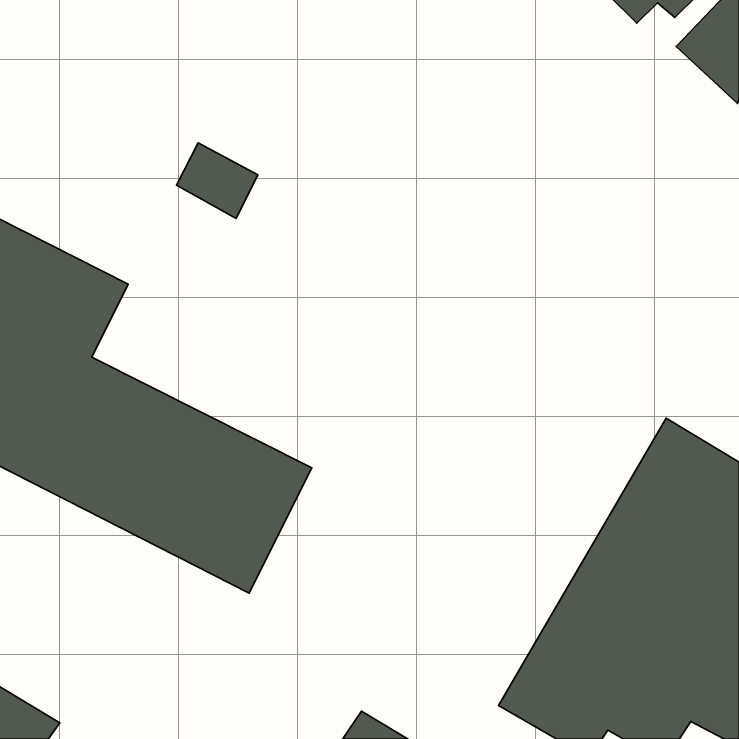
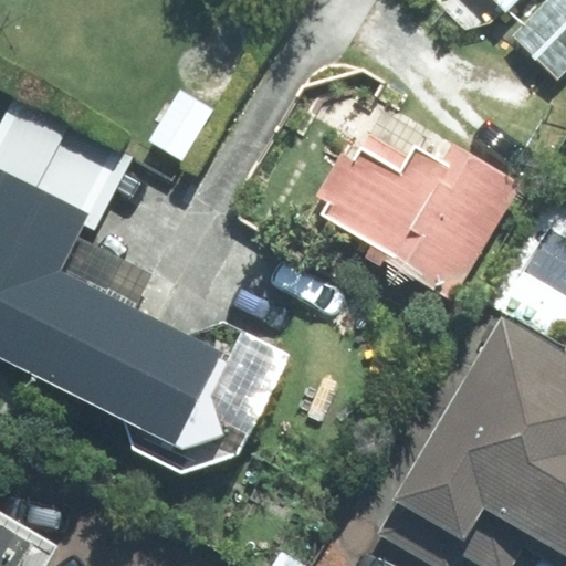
building: none -> [323,138,531,302]

